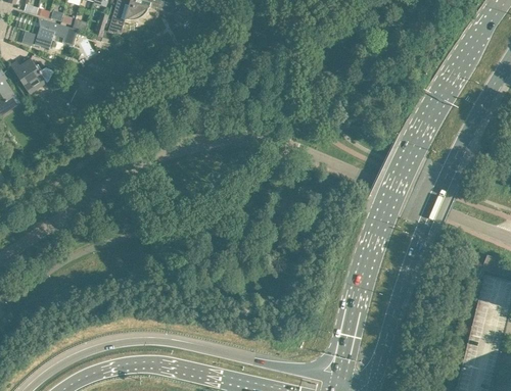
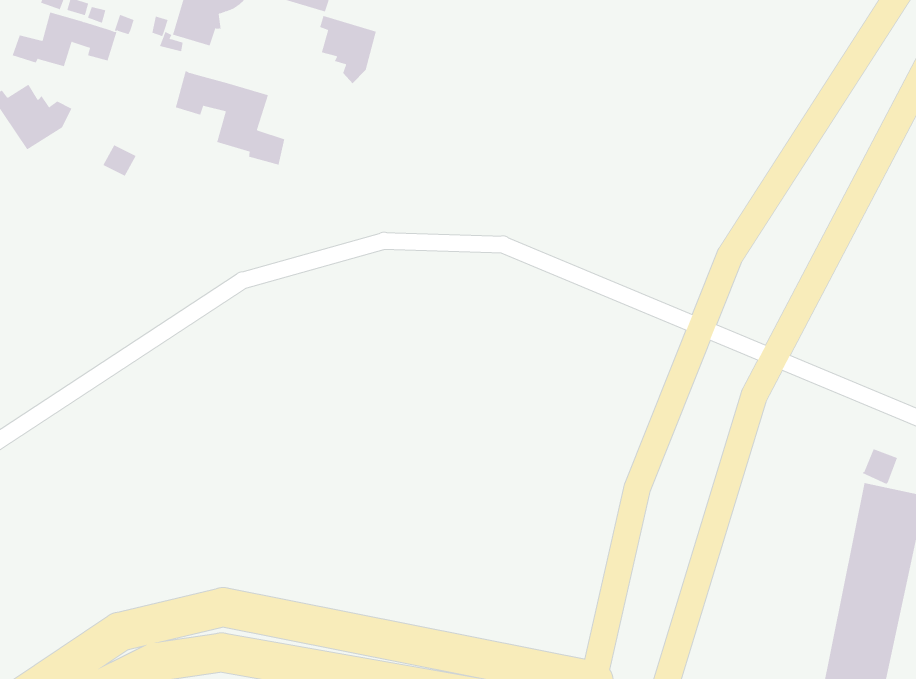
building: none -> [320,15,377,84]
building: none -> [175,70,285,166]

